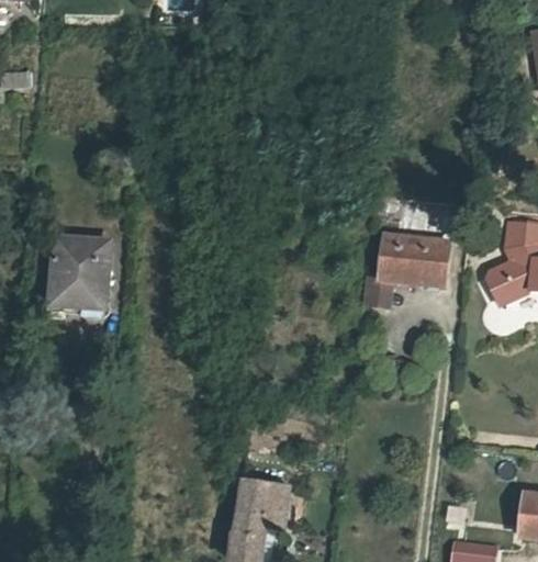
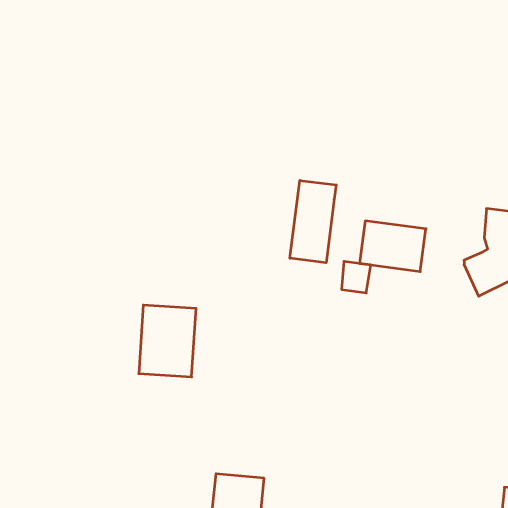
building: none -> [290,180,336,263]
building: [57,243,113,313] -> [139,305,196,377]

